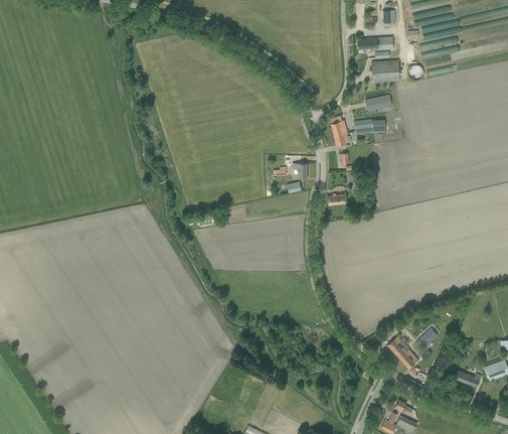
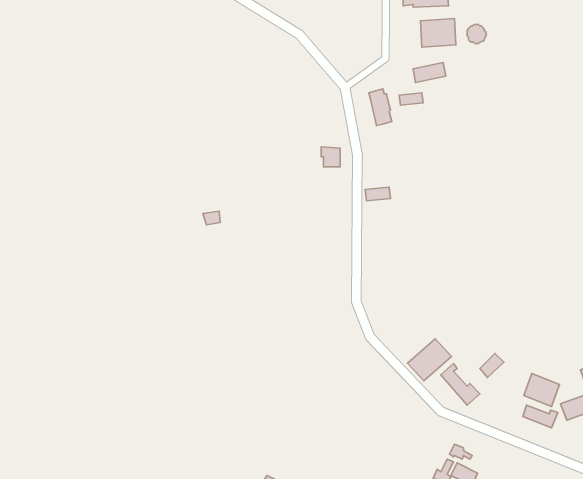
building: none -> [408,339,452,381]
building: none -> [524,374,559,406]

